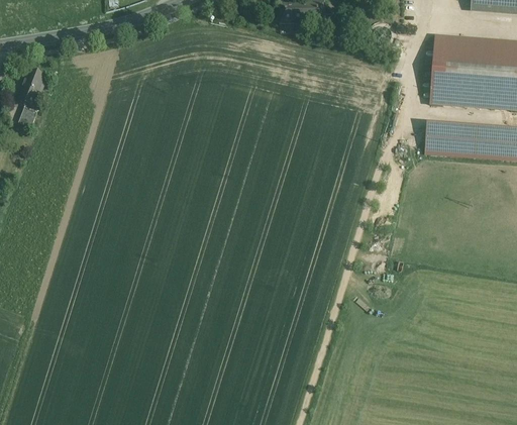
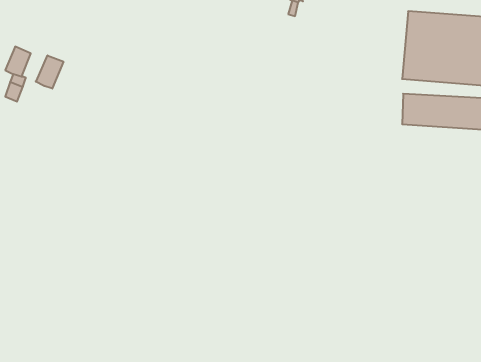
building: none -> [36,55,63,89]

